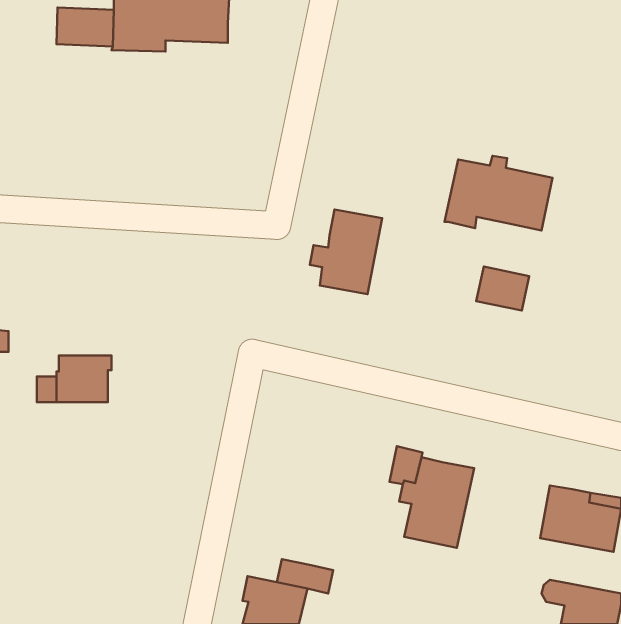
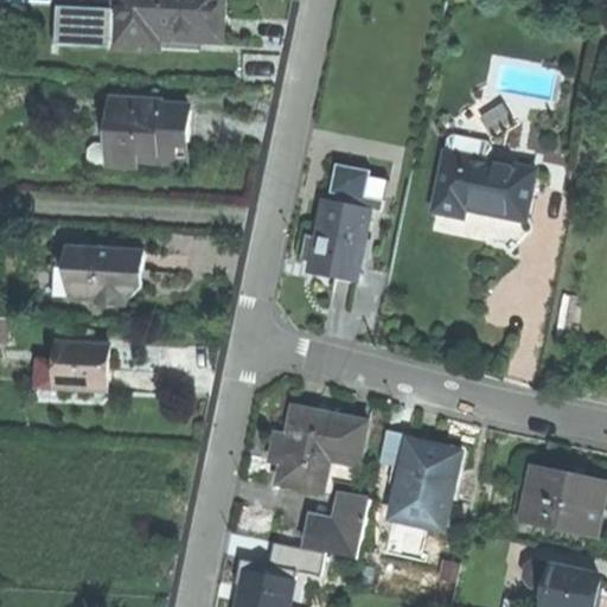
building: none -> [106,96,186,164]
building: none -> [331,167,371,211]
building: none -> [64,244,142,306]
building: [476,267,529,311] -> none
building: none -> [269,402,369,493]
building: none -> [301,492,370,558]

